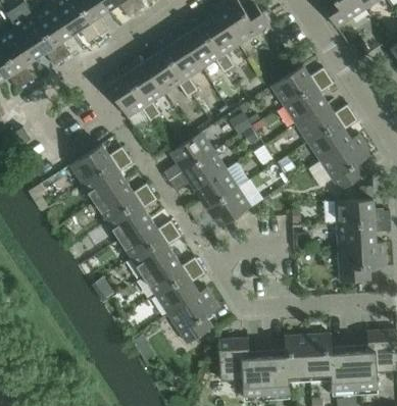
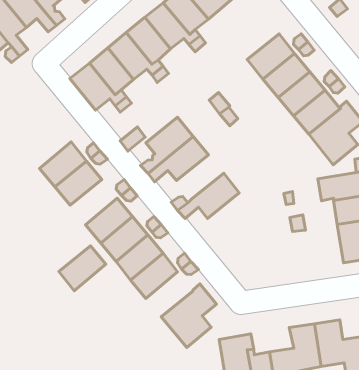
building: [195,162,248,208] -> none
building: [95,182,139,221] -> [59,246,106,291]
building: [155,273,199,313] -> none

